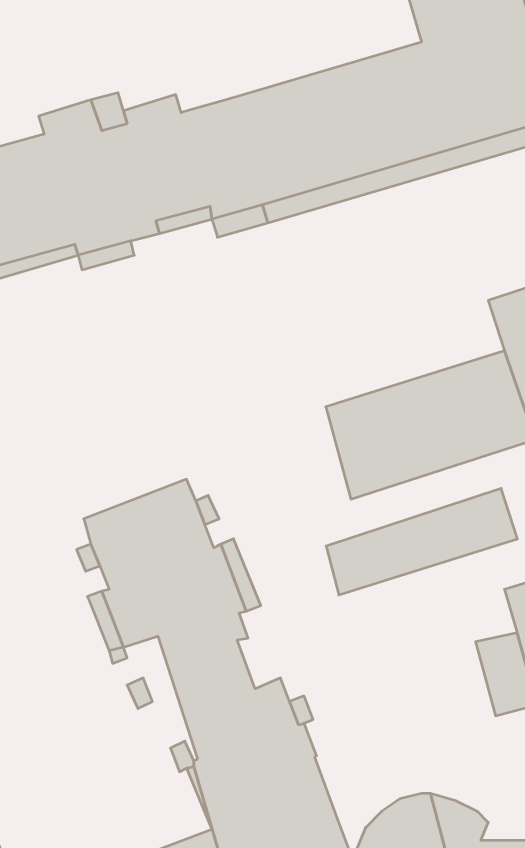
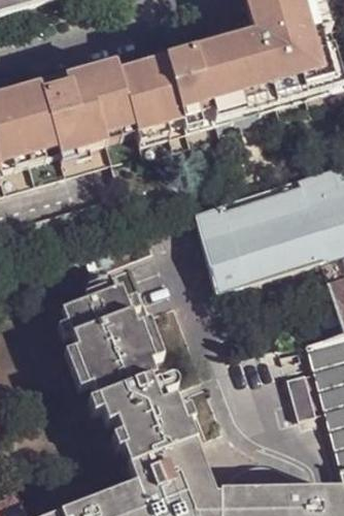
building: [326,488,517,595] -> [194,181,303,241]

